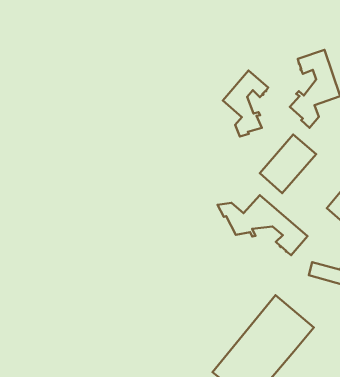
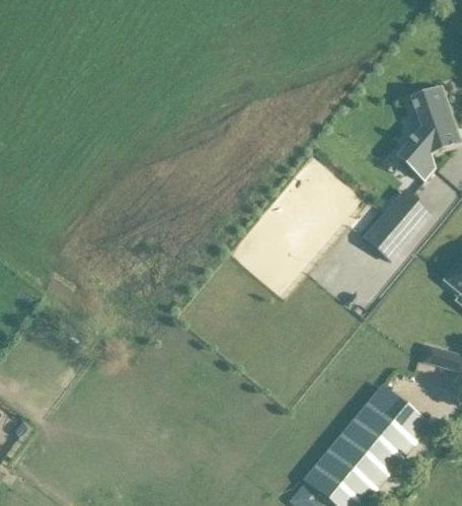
building: [223,71,268,136] -> none
building: [218,195,308,255] -> none

